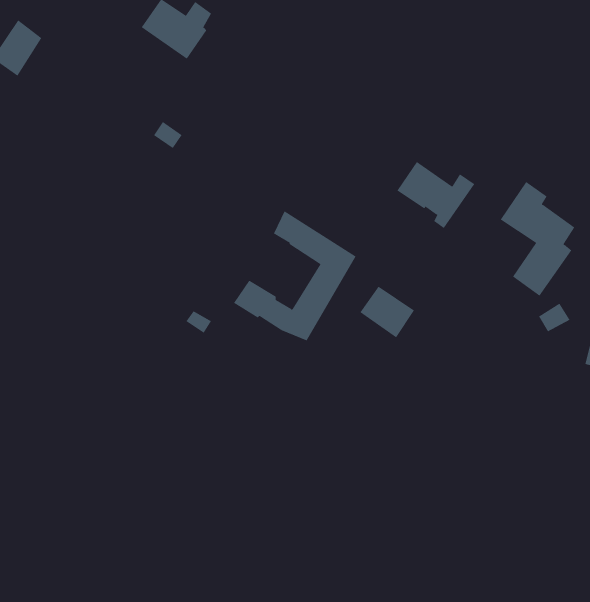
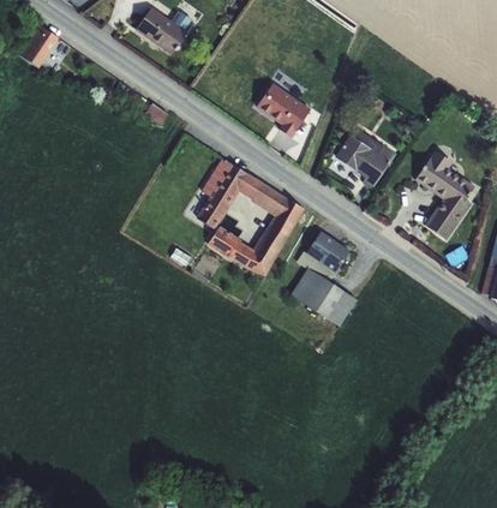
building: none -> [257,83,310,136]
building: none -> [197,156,247,228]
building: none -> [291,267,357,325]

